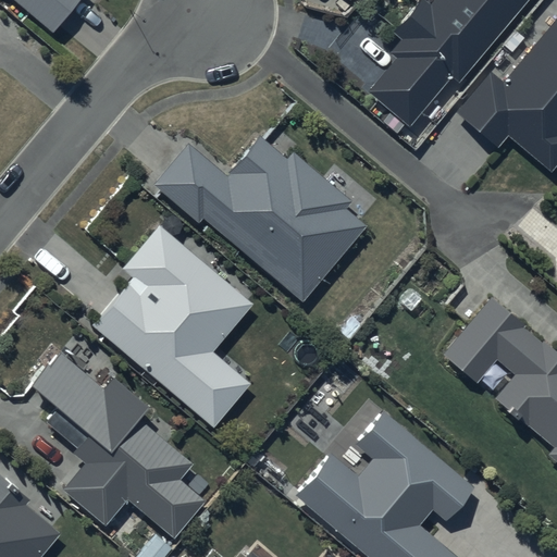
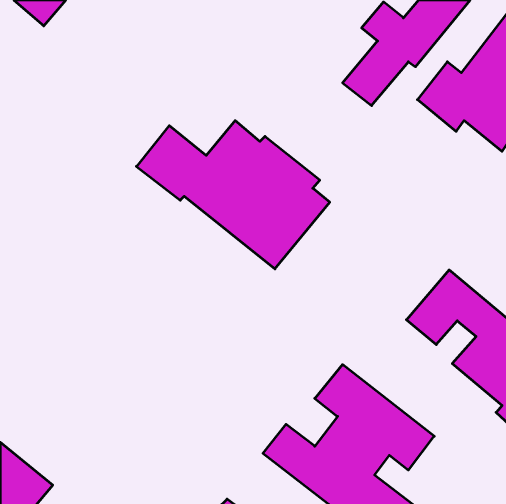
building: [92,224,252,429] -> none
building: [26,346,202,534] -> none

